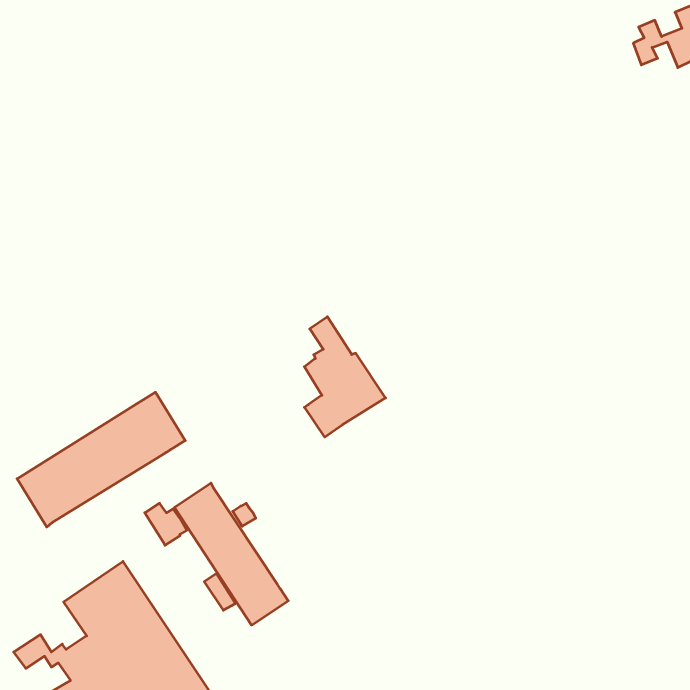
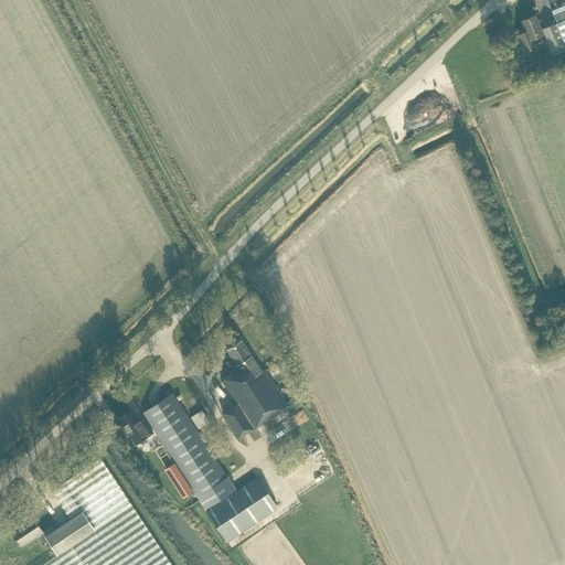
building: [304,317,386,437] -> [223,341,289,439]
building: [17,392,185,527] -> none
building: none -> [207,478,278,542]

